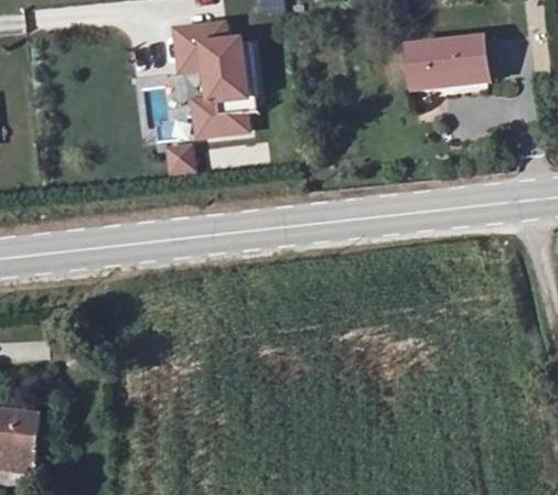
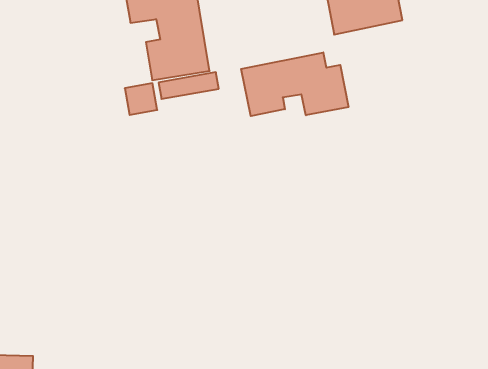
building: none -> [241,52,348,116]

